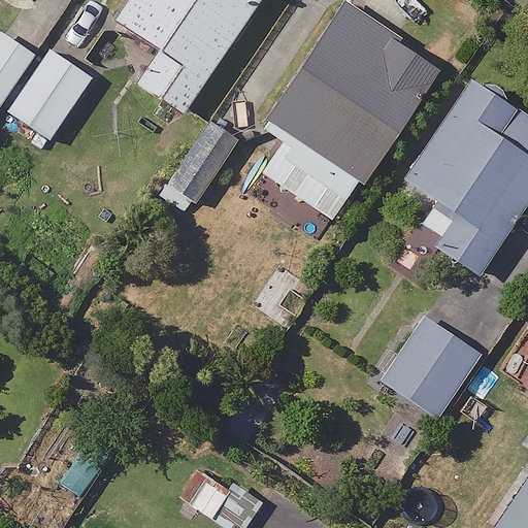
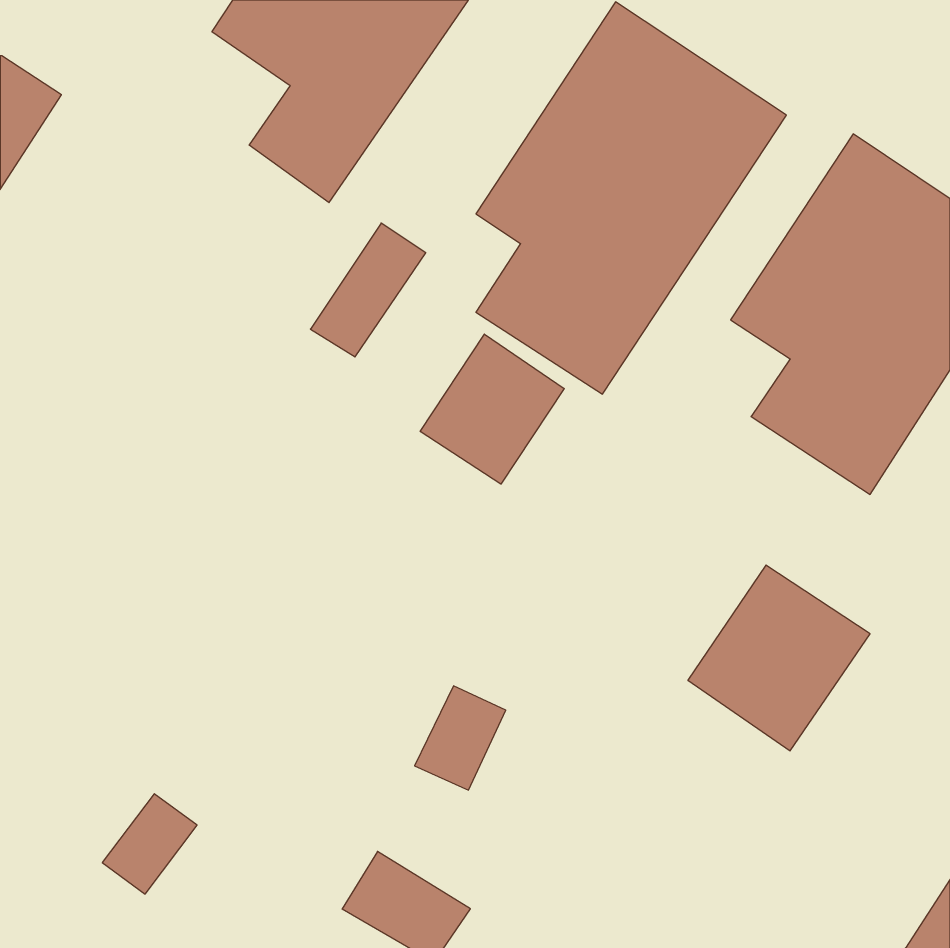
building: [9,47,95,140] -> none
building: none -> [420,334,564,484]

